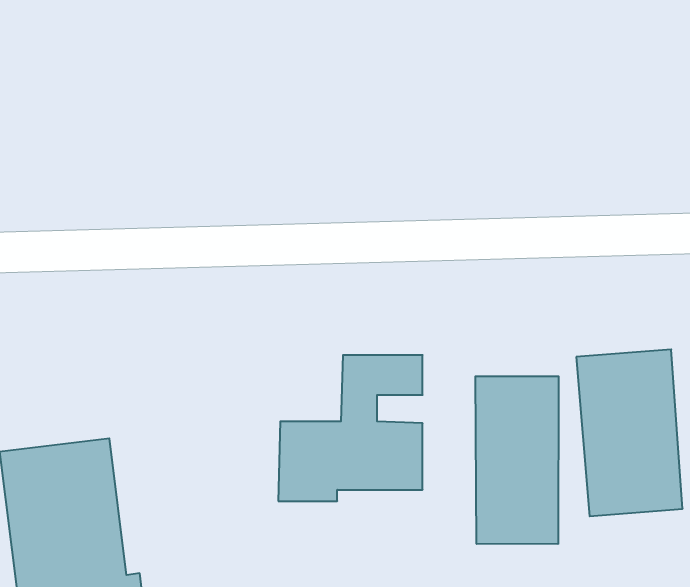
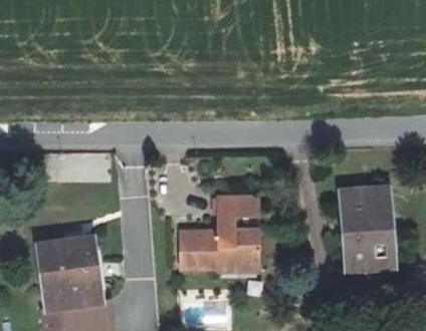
building: [475,376,559,544] -> none

